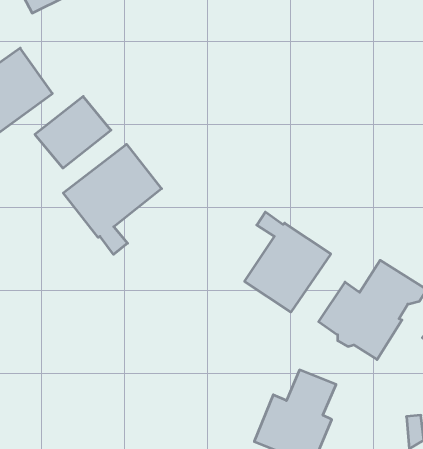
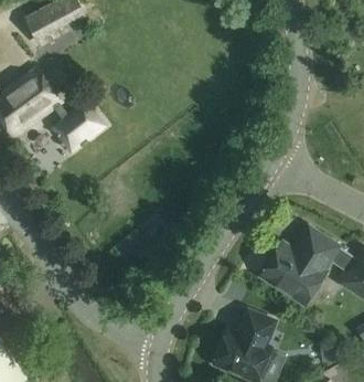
building: [63,144,162,254] -> none
building: [245,212,331,312] -> none

